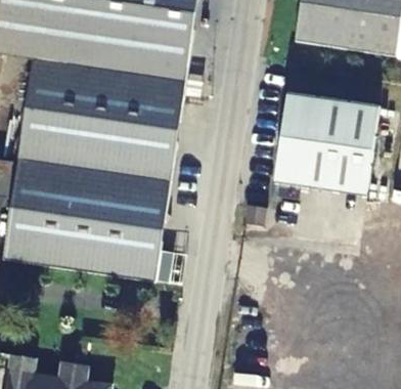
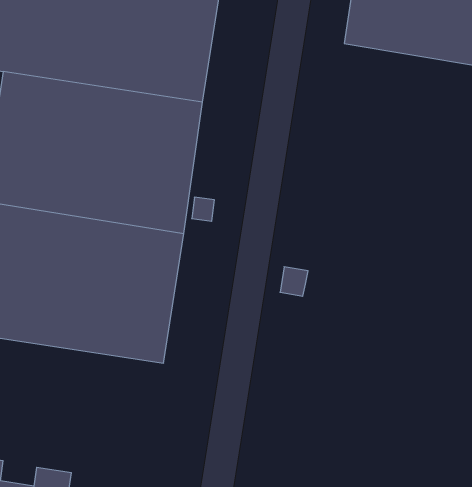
building: [273,94,376,198] -> none

